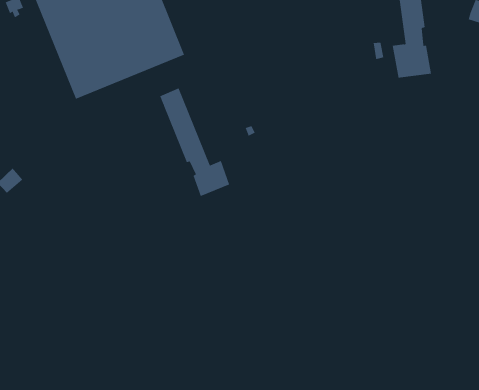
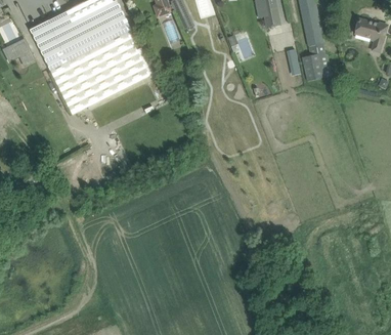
building: [160,87,230,197] -> none

